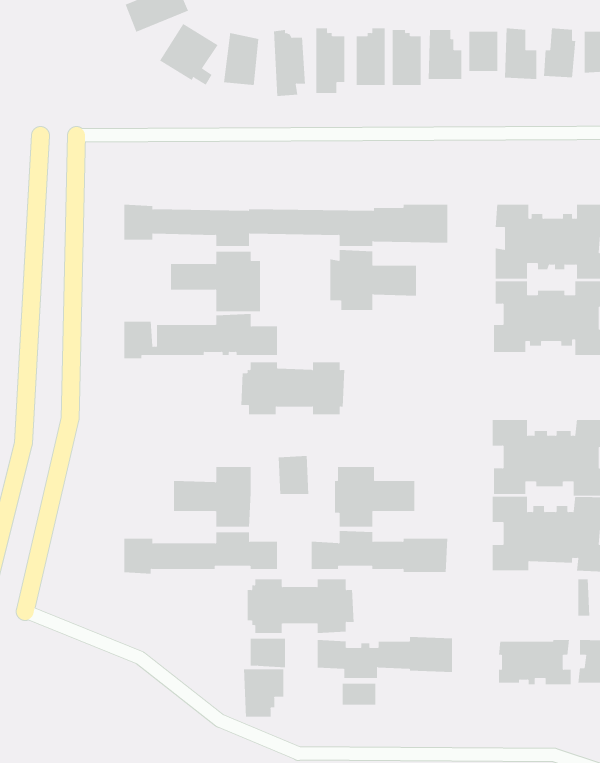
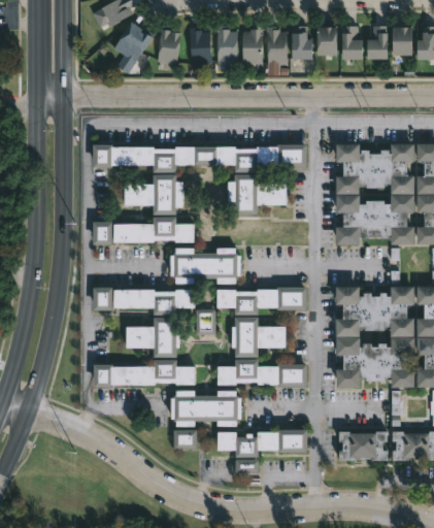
building: none -> [215,287,304,315]
building: none -> [91,288,193,314]
building: [244,668,284,718] -> none

